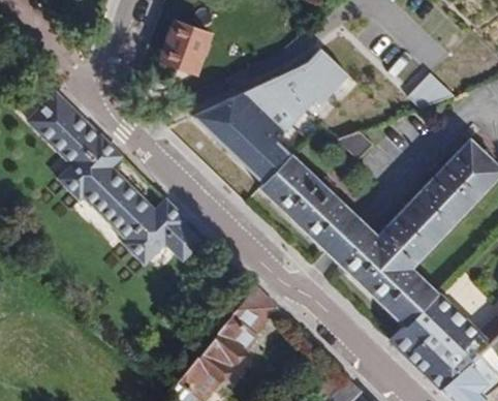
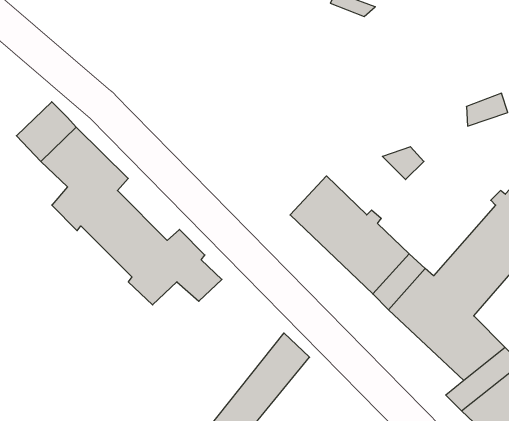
building: [157,19,205,70] -> none
building: [189,54,346,186] -> none

